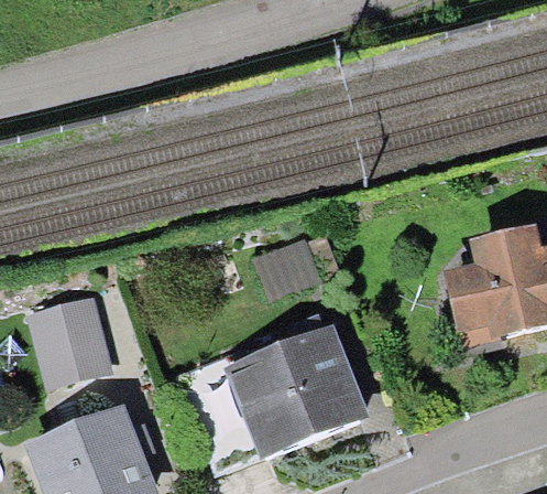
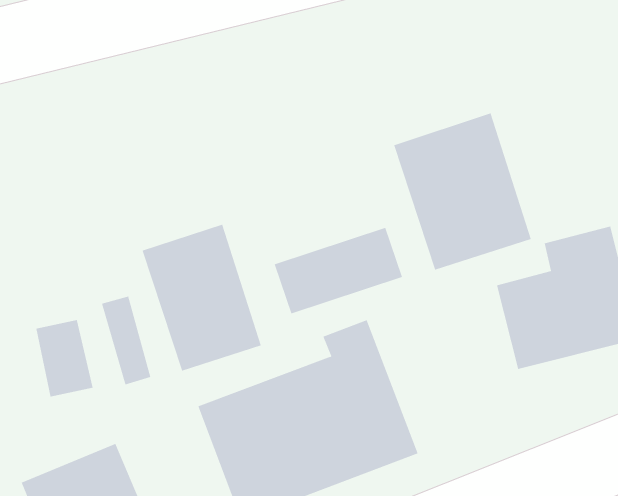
building: none -> [393,113,532,271]
building: none -> [142,224,262,371]

